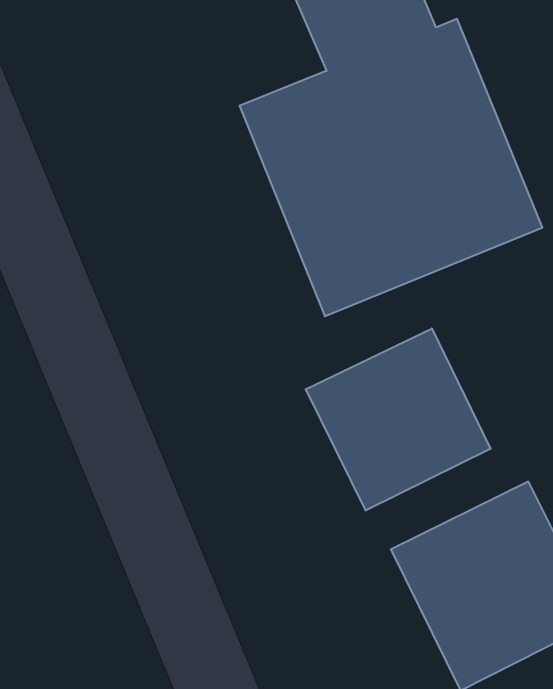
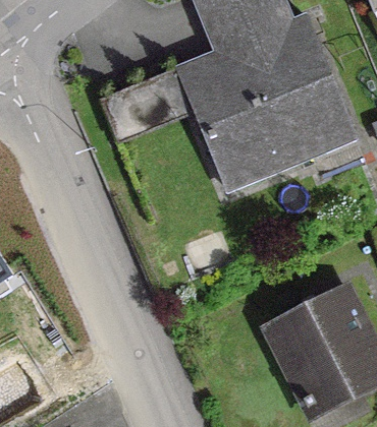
building: [306,328,491,511] -> none

